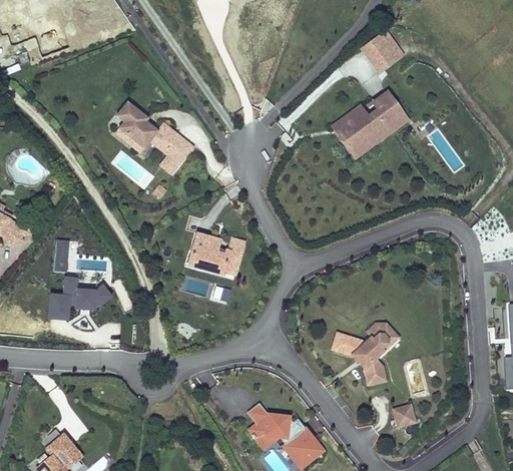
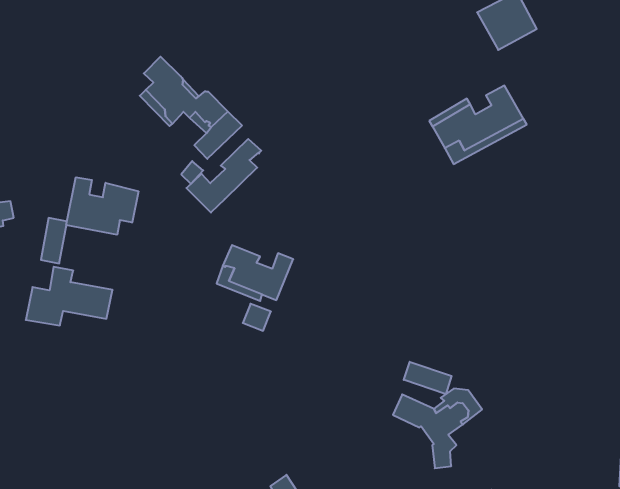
building: none -> [186,139,261,213]
building: none -> [66,177,138,235]
building: none -> [404,362,452,394]

